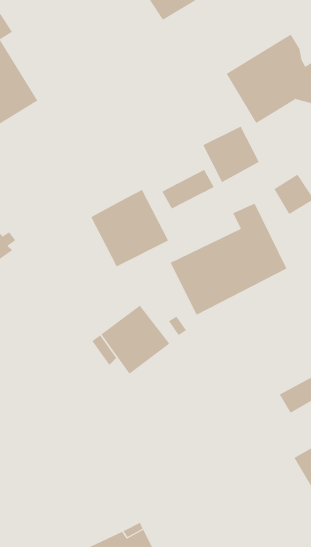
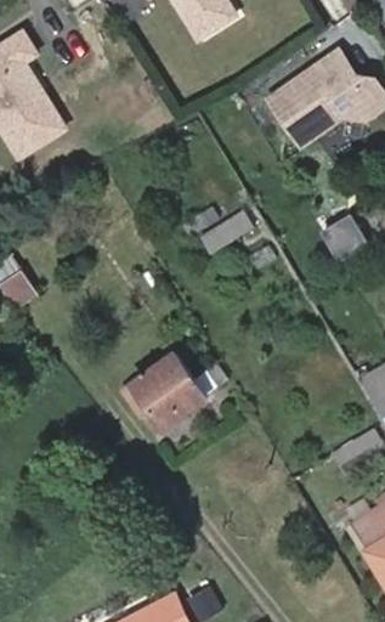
building: [203,126,260,183] -> none
building: [91,189,169,267] -> none
building: [170,203,287,315] -> none

